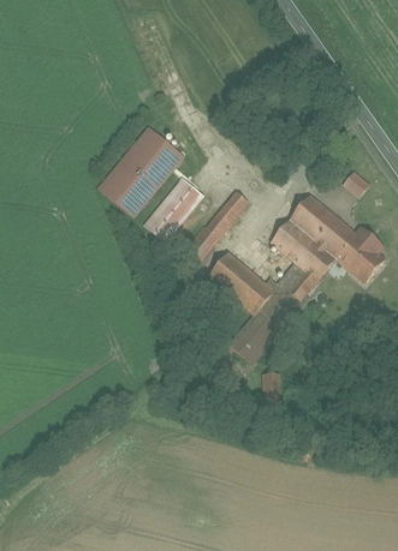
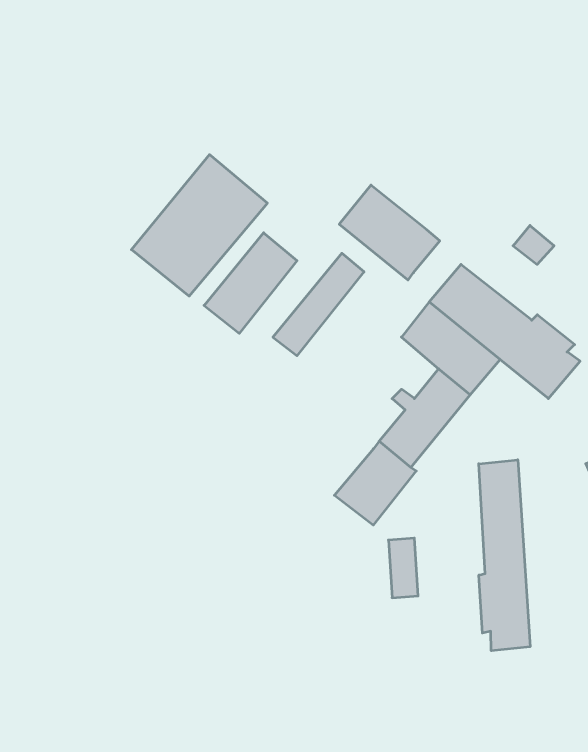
building: [208,254,273,316] -> [339,185,440,280]
building: none -> [479,460,530,651]

